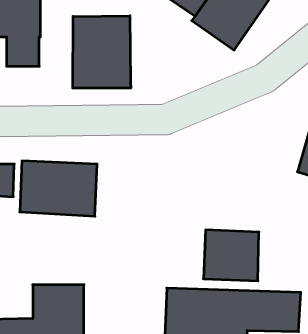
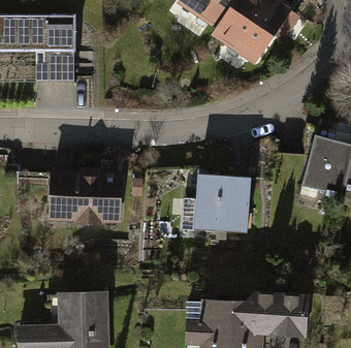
building: [73,16,131,88] -> none
building: [203,230,259,281] -> [198,176,251,224]

